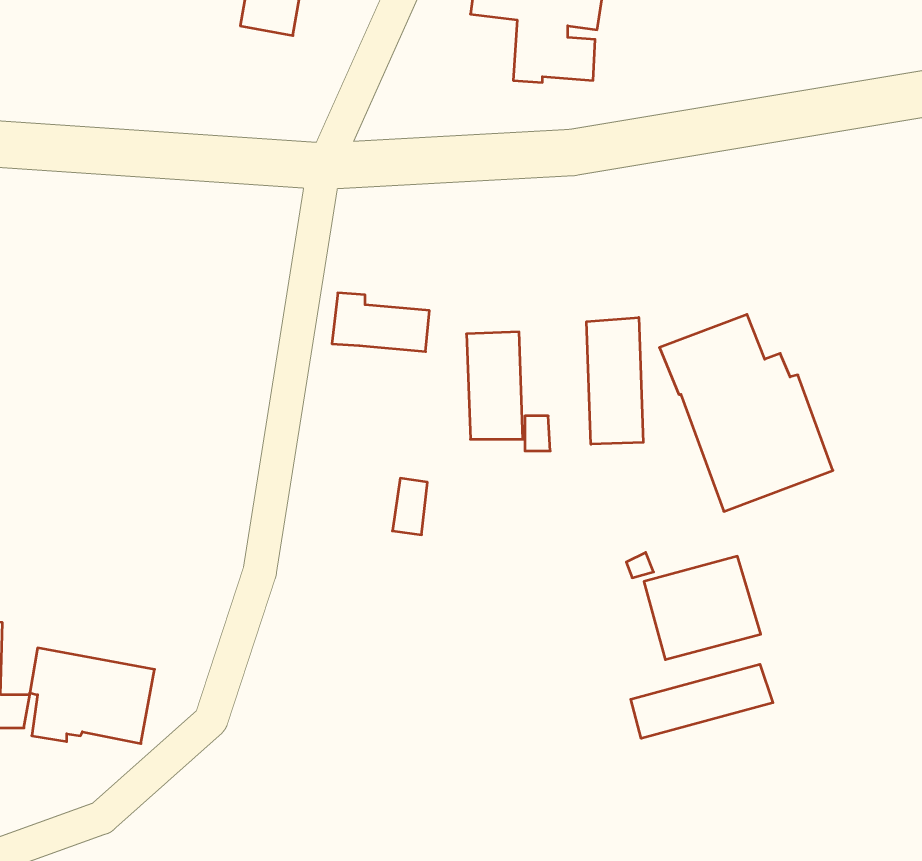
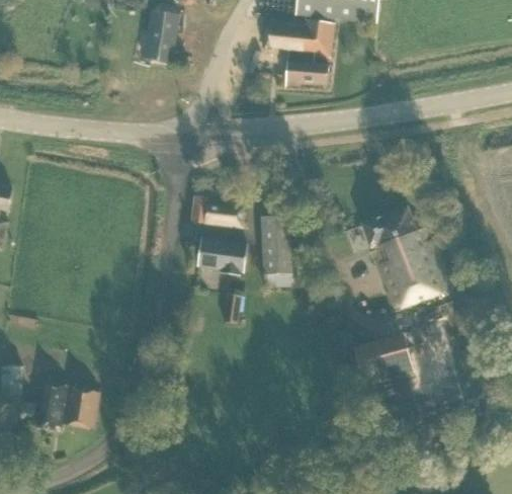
building: [587,317,643,444] -> none
building: none -> [196,237,247,274]
building: [631,664,773,738] -> none

